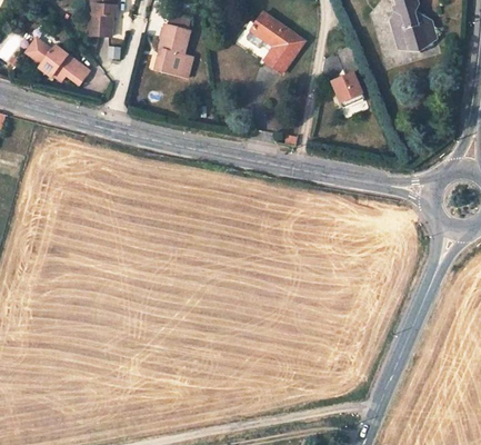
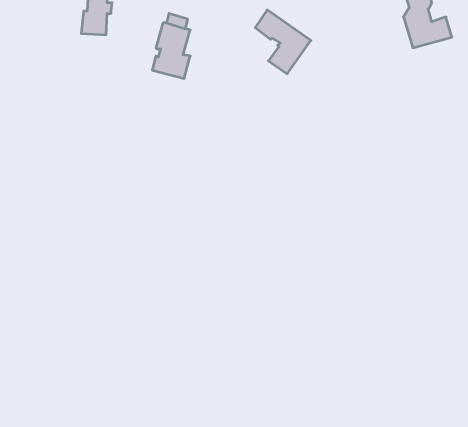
building: [24,39,88,86] -> none
building: [328,70,362,103] -> none

